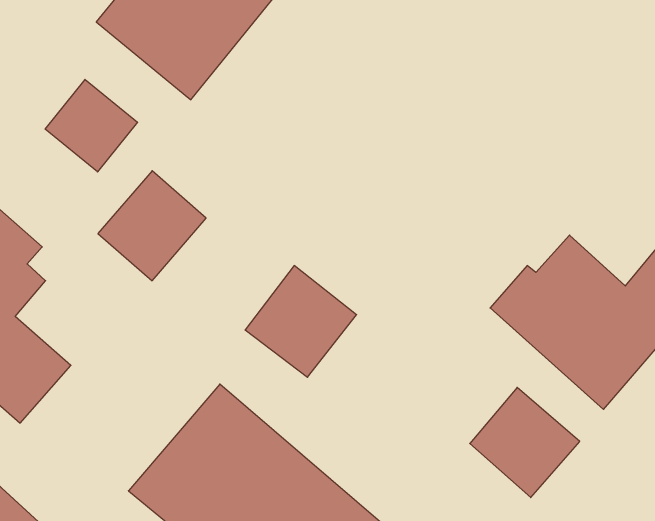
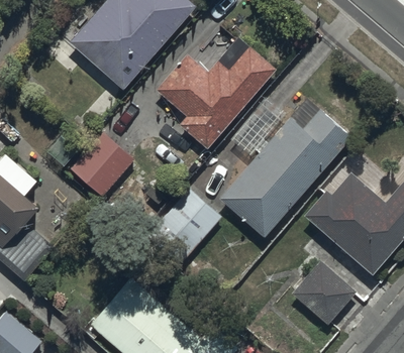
building: none -> [155,39,275,150]
building: [45,79,138,172] -> none
building: none -> [218,102,350,237]

